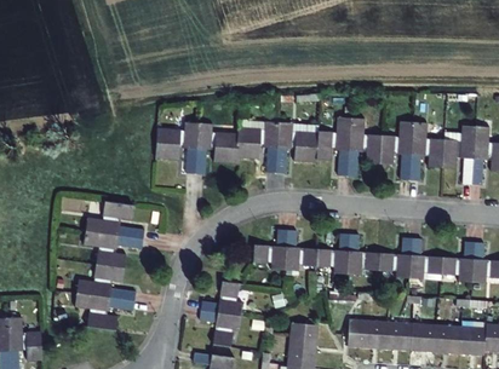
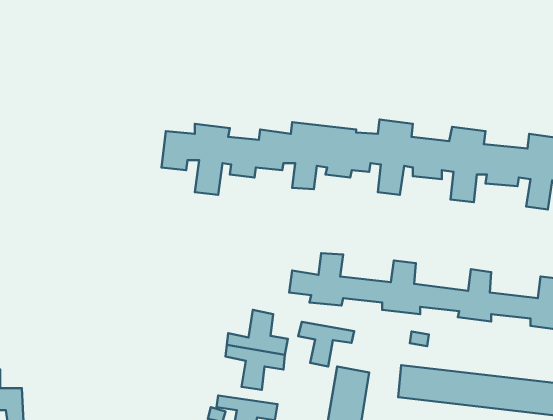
building: [73,201,144,333] -> none
building: none -> [298,322,354,367]

